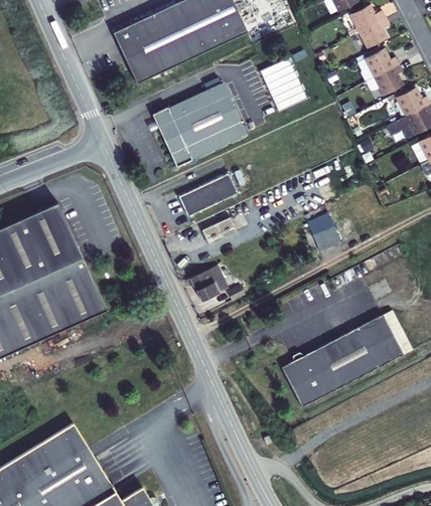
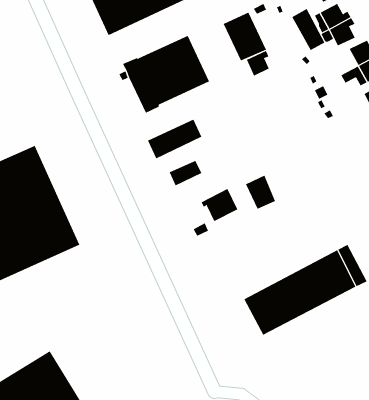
building: none -> [291,8,325,51]
building: none -> [246,50,269,76]
building: [307,213,340,250] -> [245,175,276,209]
building: [187,265,228,301] -> [201,188,238,222]

